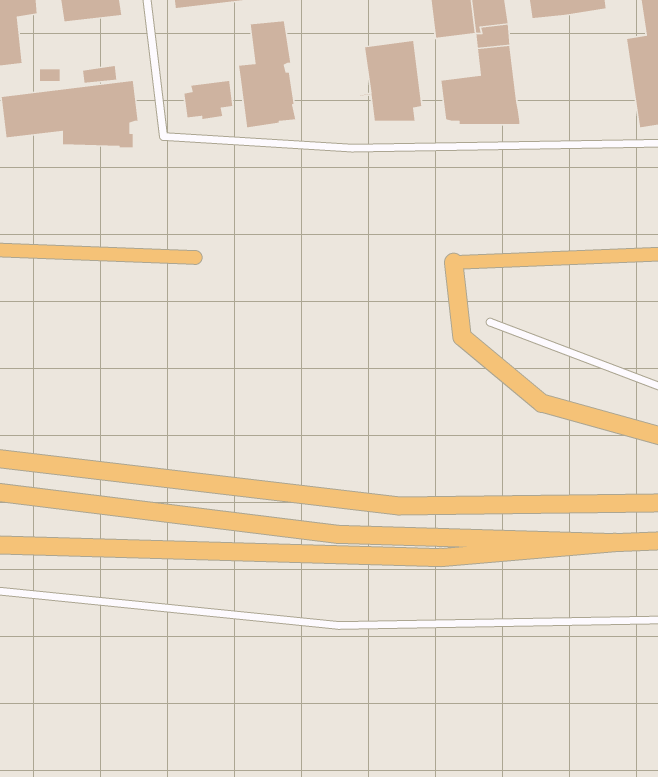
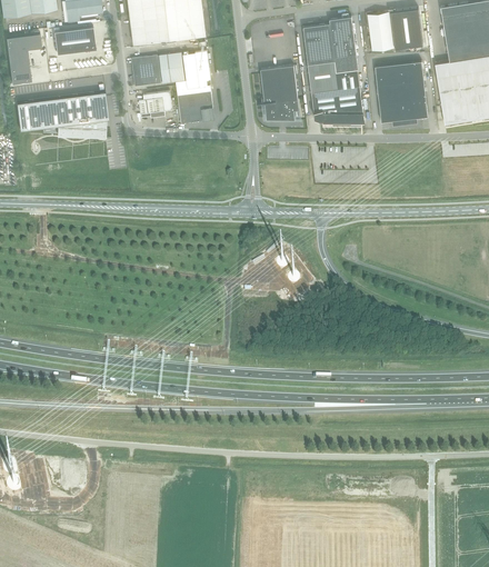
building: none -> [131,52,186,87]
building: none -> [308,61,338,92]
building: none -> [375,61,428,122]

